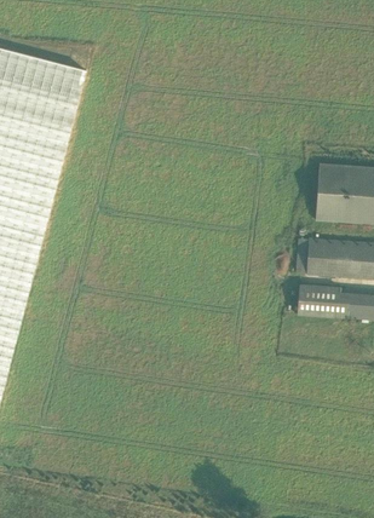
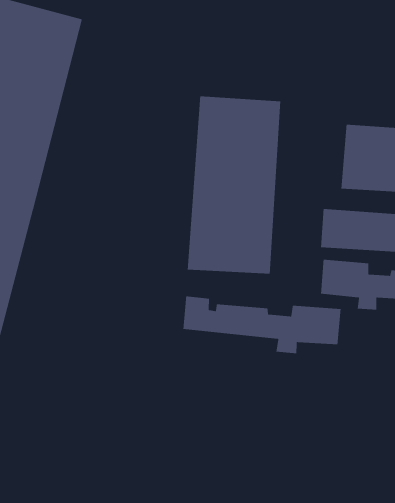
building: none -> [187,95,281,274]
building: none -> [183,296,342,354]

